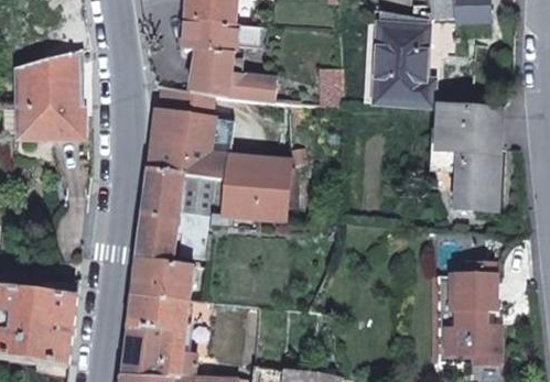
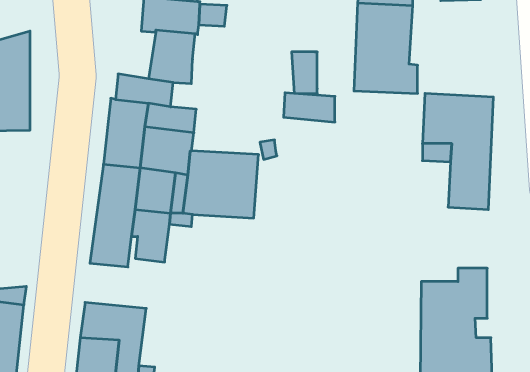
building: [228,75,274,101] -> [284,93,335,122]
building: [132,259,192,299] -> none

